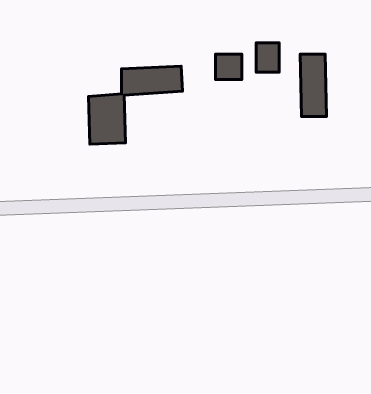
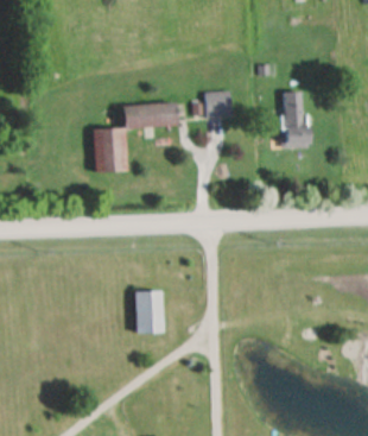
building: [256,43,279,72] -> none
building: none -> [135,292,161,334]

